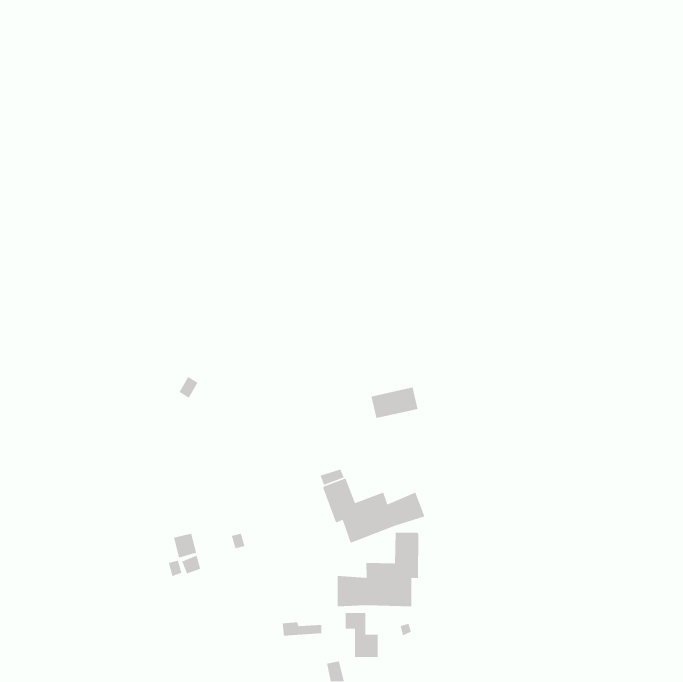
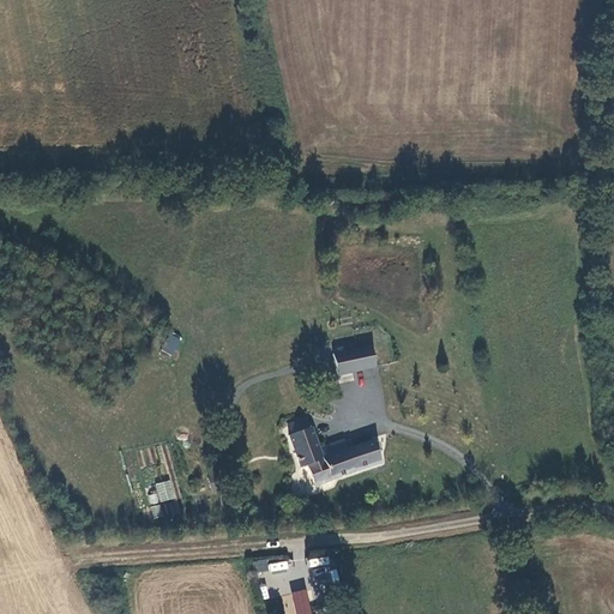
building: [337,532,419,607] -> none

